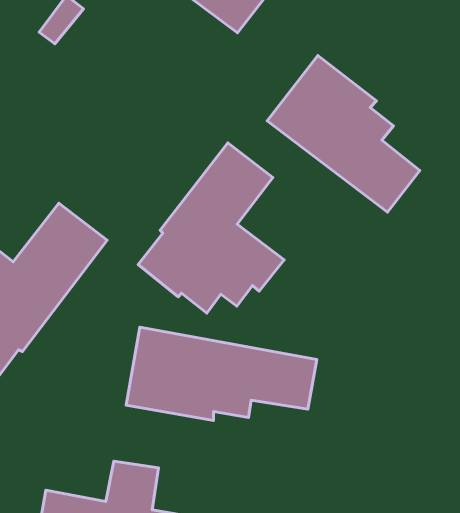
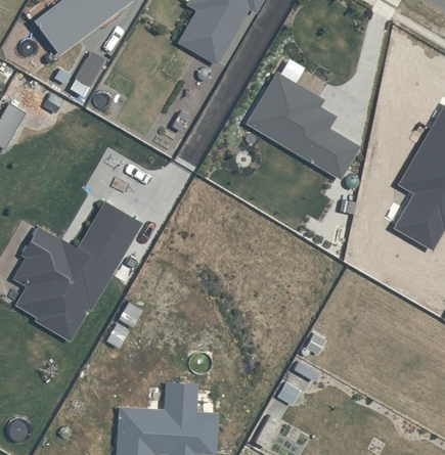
building: [138,143,284,313] -> none
building: [126,327,317,420] -> none

